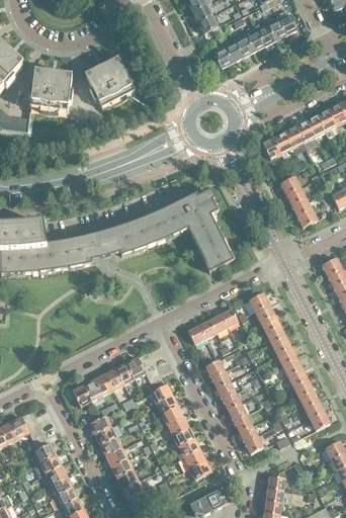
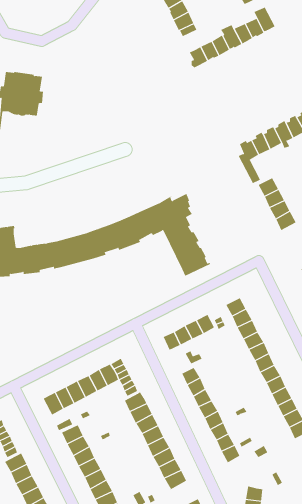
building: [84,57,135,108] -> none

